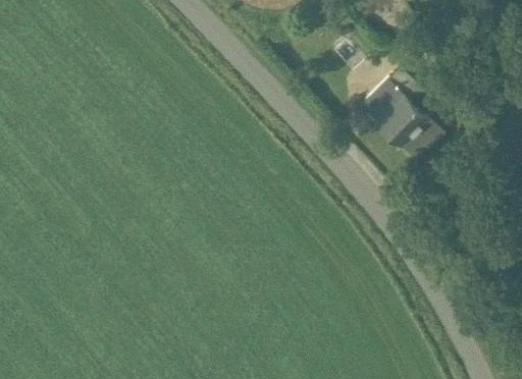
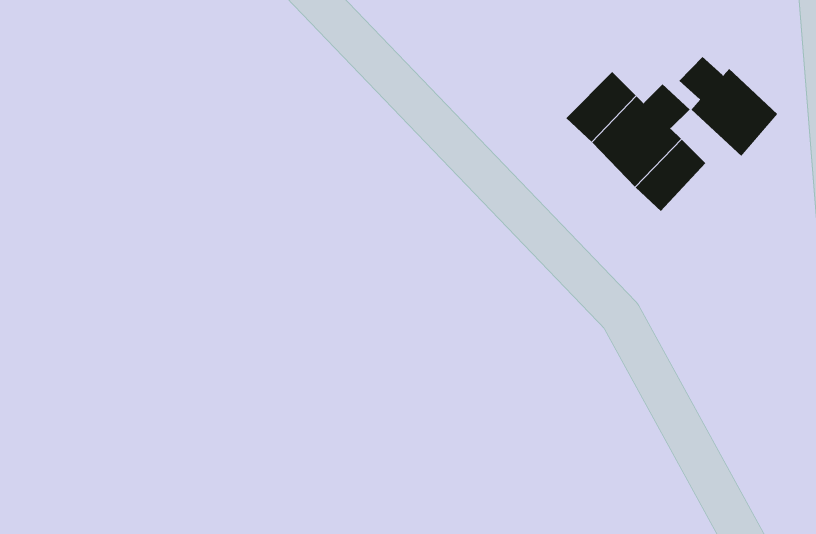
building: none -> [679,56,778,157]

